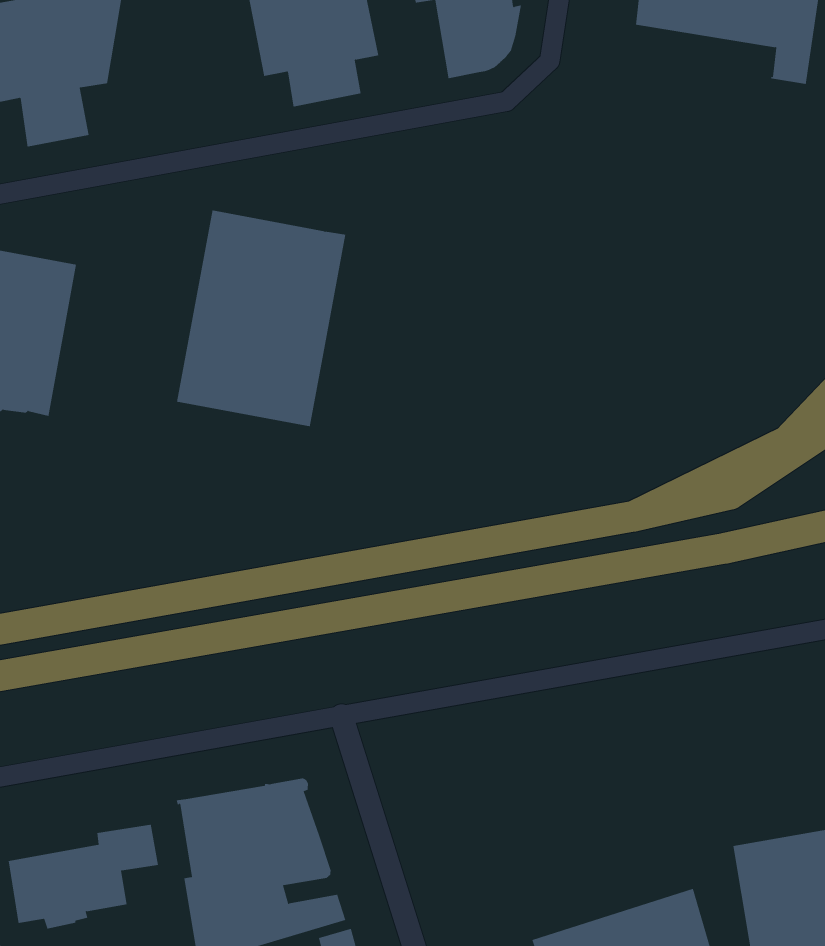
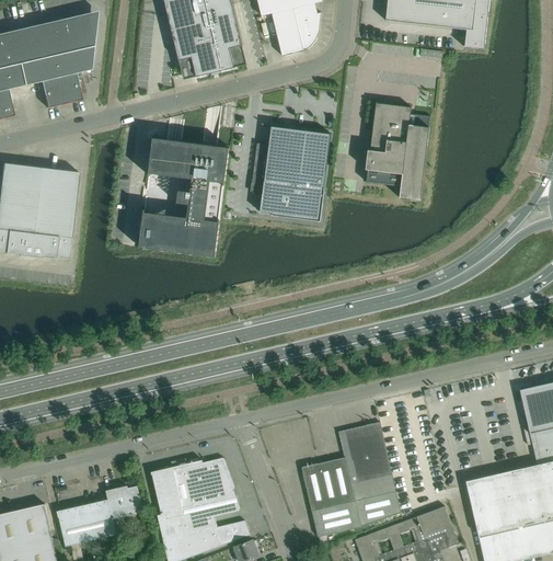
building: none -> [366,102,430,199]
building: none -> [251,126,330,219]
building: none -> [301,422,401,536]

